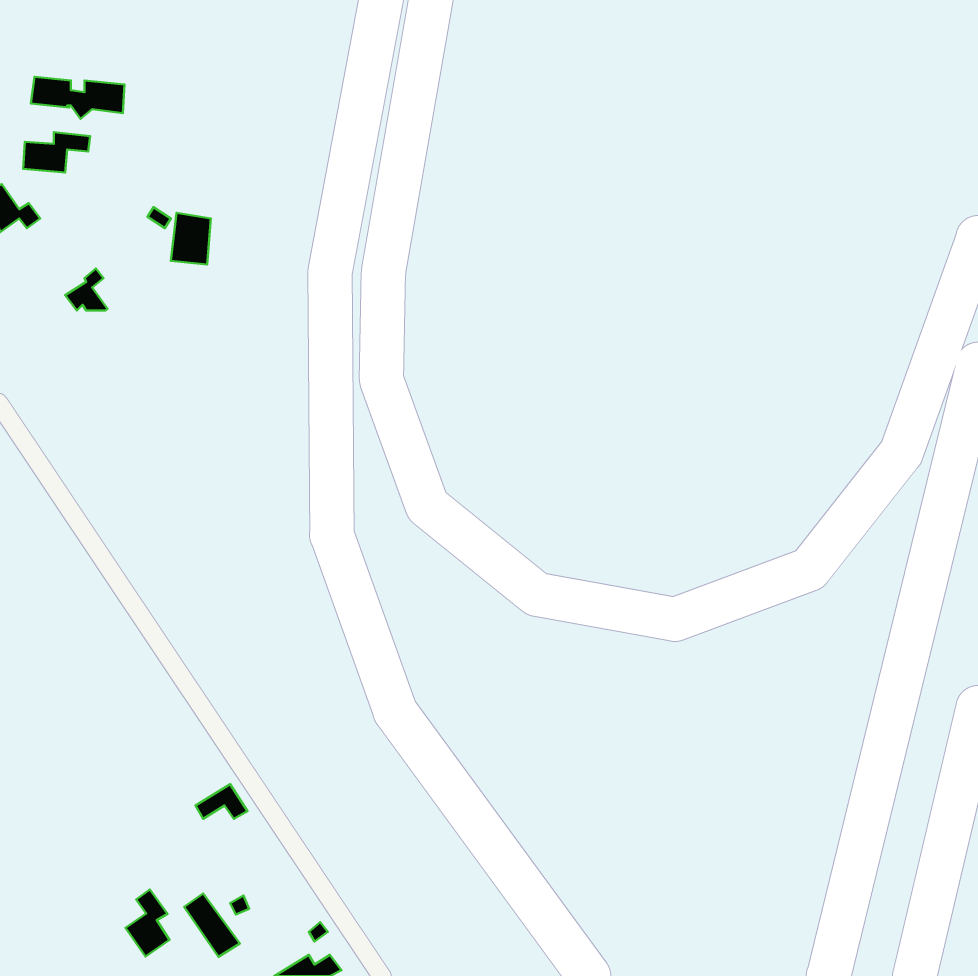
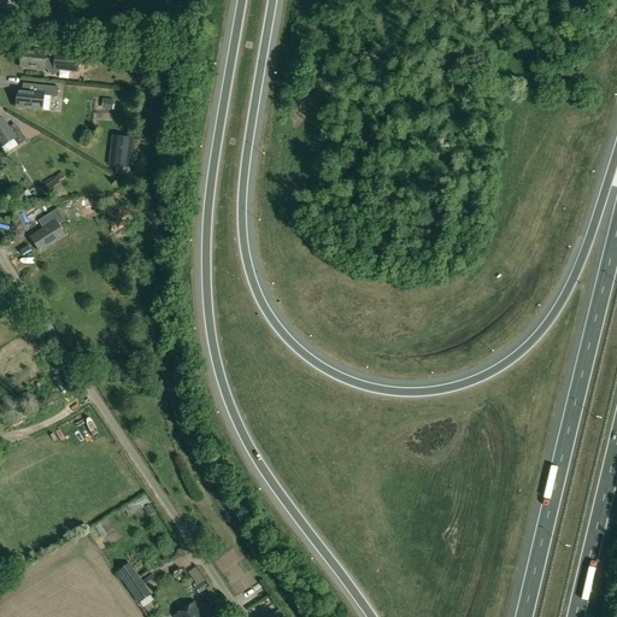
building: none -> [29,207,67,251]
building: [126,889,170,956] -> none

